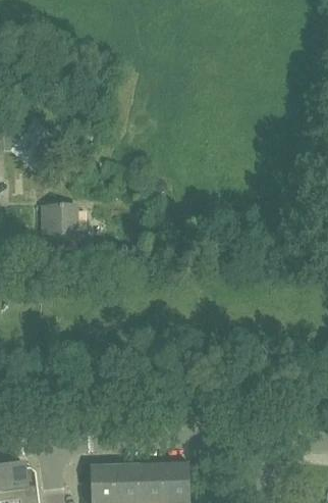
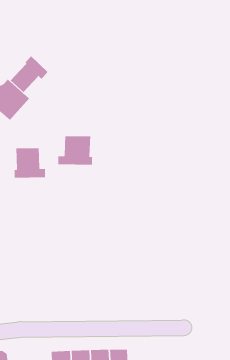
building: none -> [10,55,49,93]
building: none -> [58,136,93,166]

